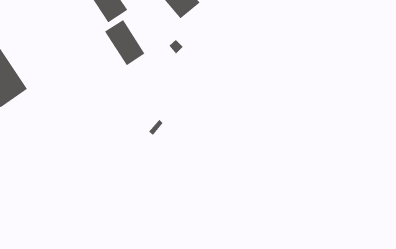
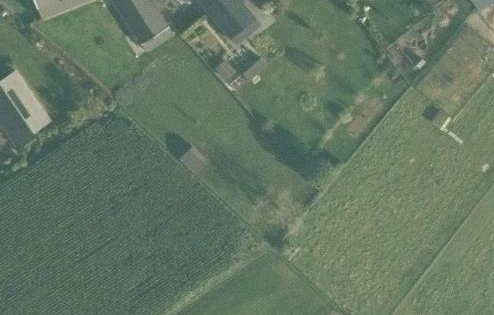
building: [104,19,145,66] -> none

